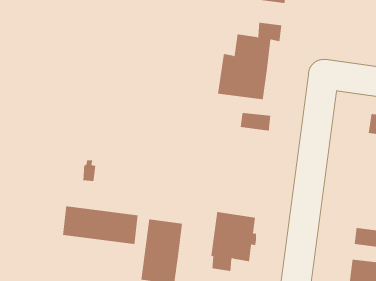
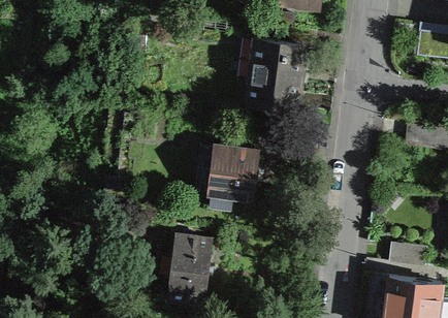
building: [63,206,138,245] -> none
building: [211,212,257,271] -> [210,147,258,210]

